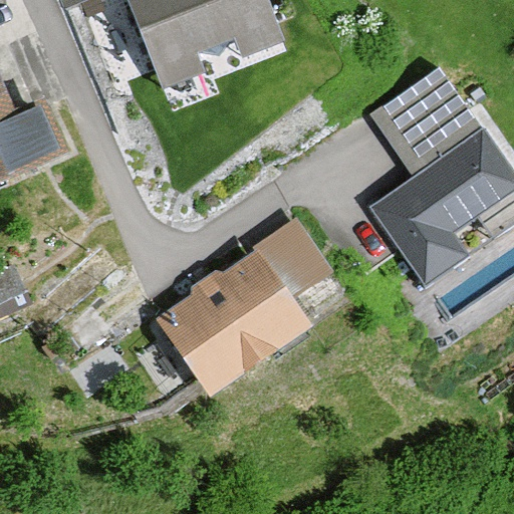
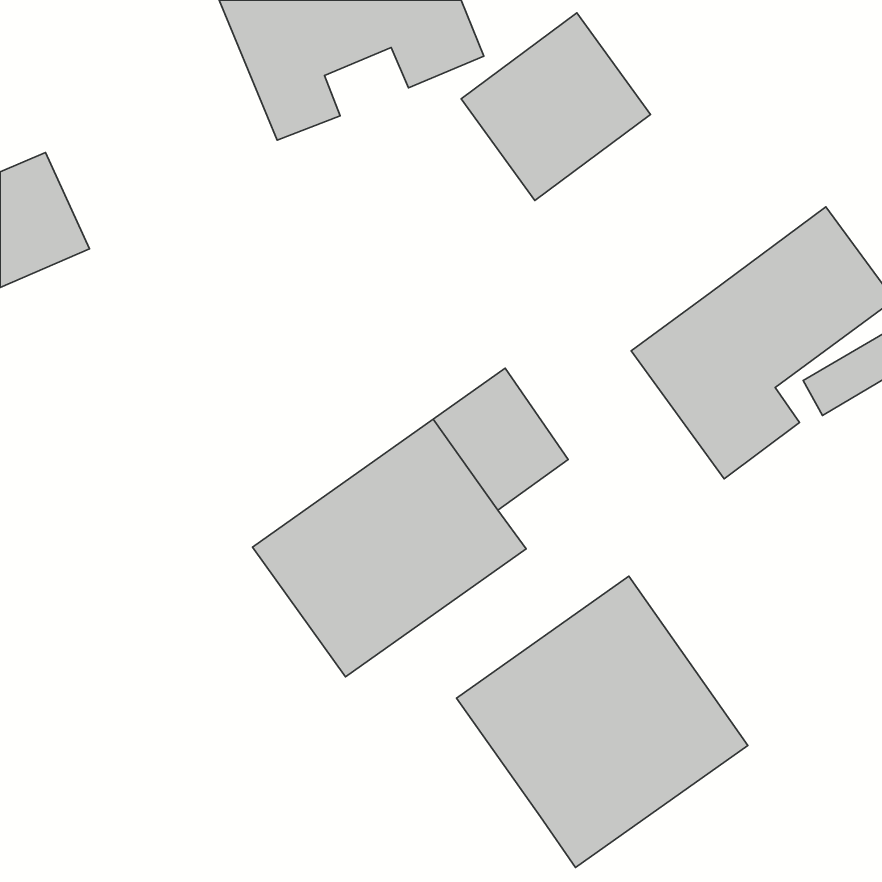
building: [372,68,481,176] -> [461,13,650,201]
building: none -> [457,576,748,868]

